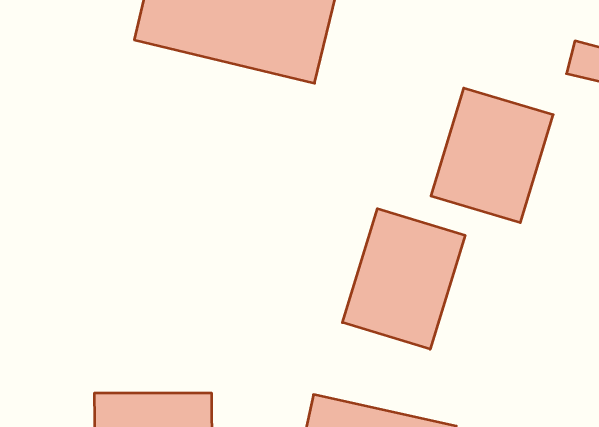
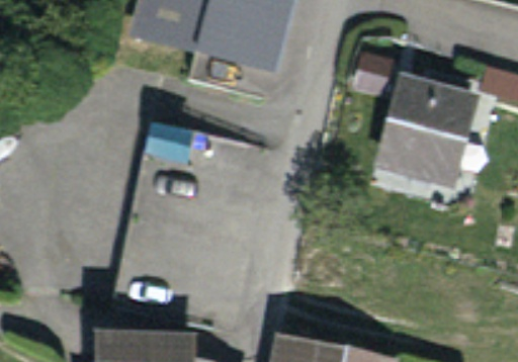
building: [342,209,465,349] -> none

